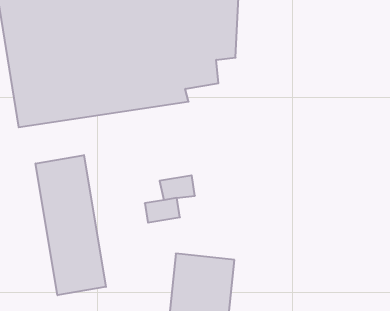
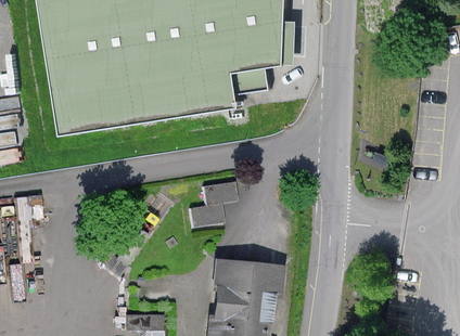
building: [36,155,106,295] -> none

